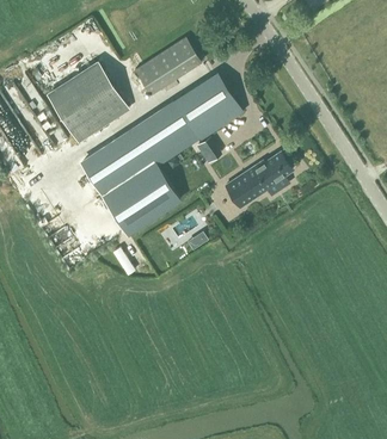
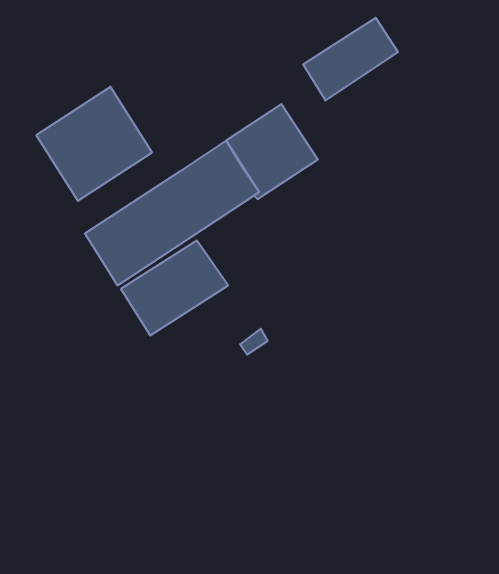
building: [134,38,199,95] -> [303,18,398,101]
building: [229,148,296,199] -> none

